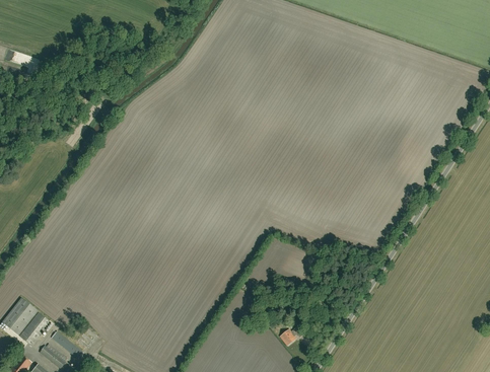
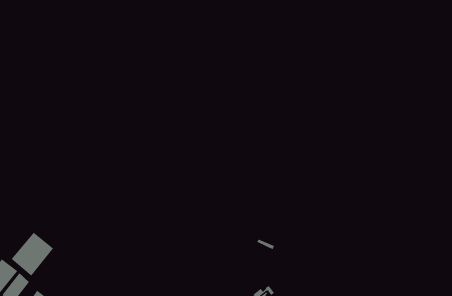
building: none -> [11,232,54,276]

